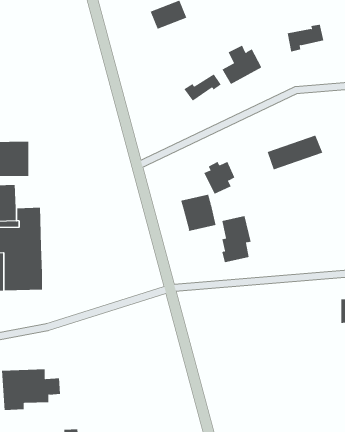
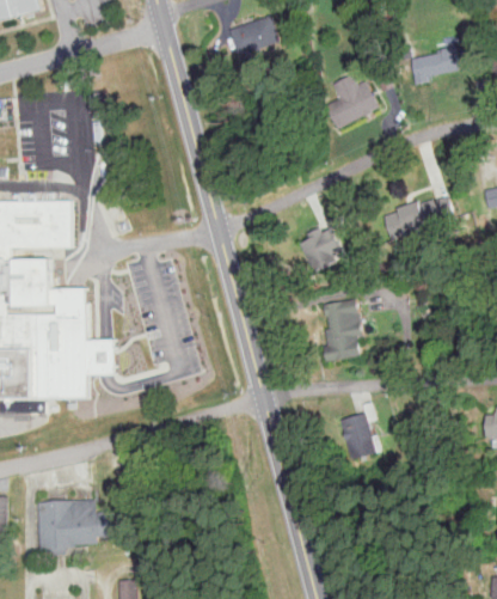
building: [183,74,221,102] -> none
building: [181,194,216,232] -> none
building: none -> [87,340,116,375]
building: none -> [339,411,378,460]

